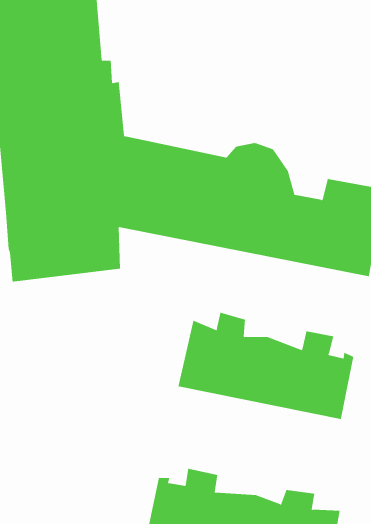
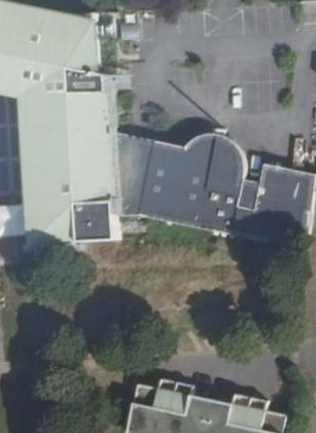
building: [178,312,354,420] -> none

